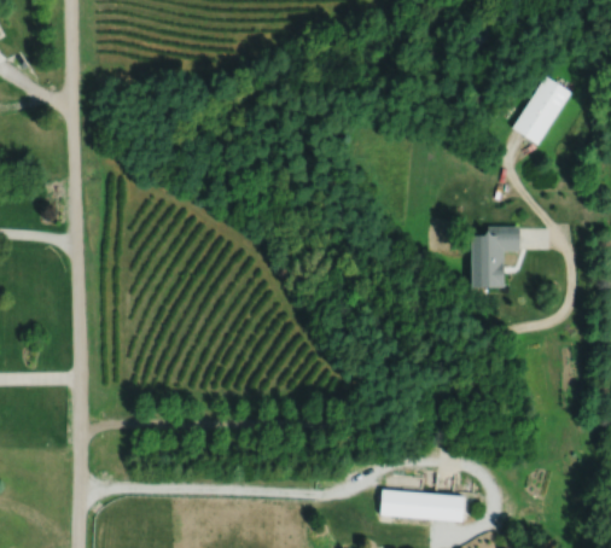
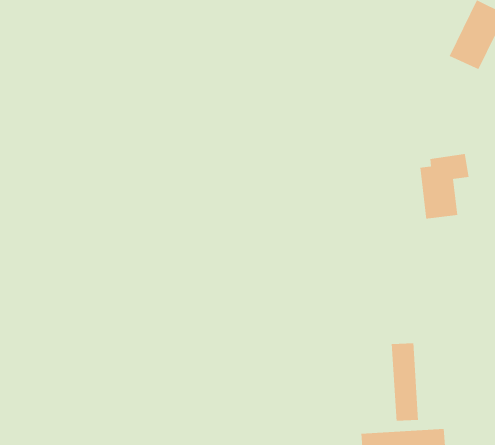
building: none -> [391,342,419,421]

